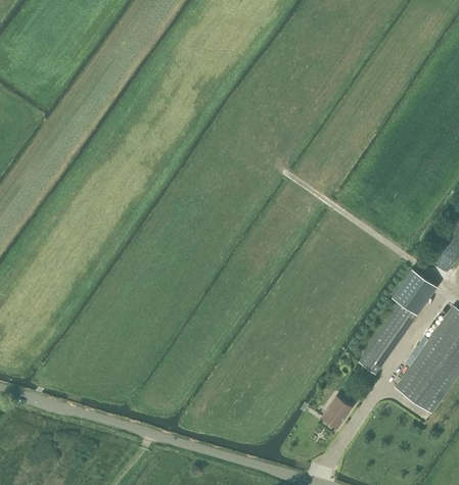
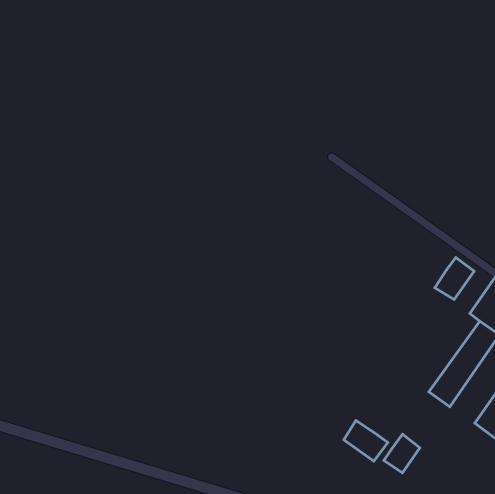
building: none -> [435,257,474,300]
building: none -> [344,420,388,461]

